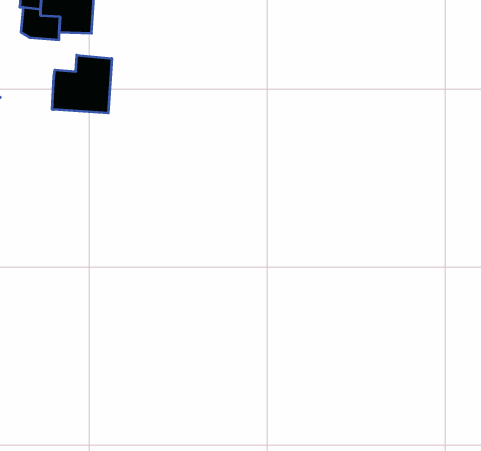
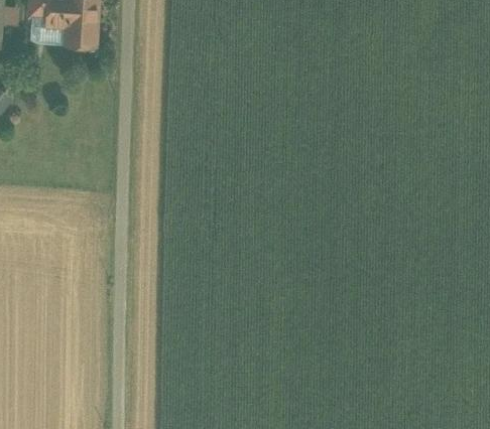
building: [52,55,112,113] -> none

